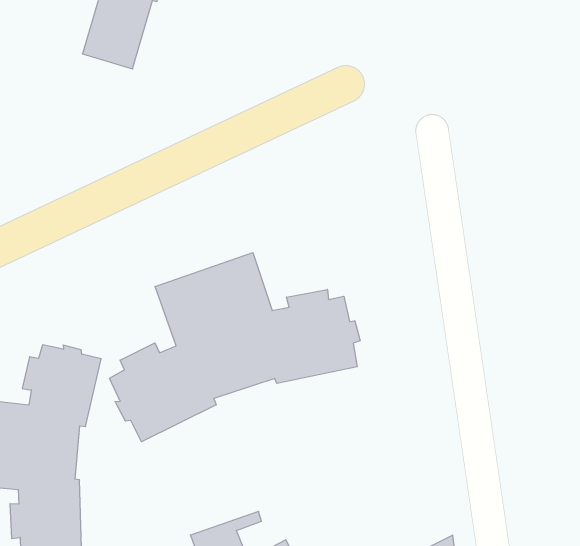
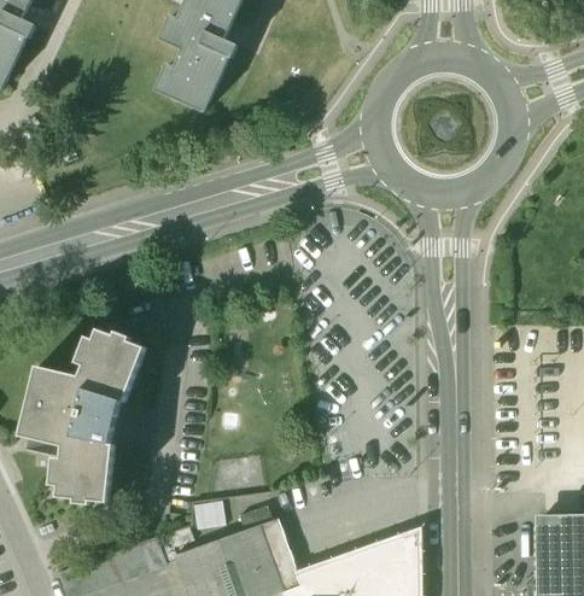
building: [110,253,360,442] -> none

